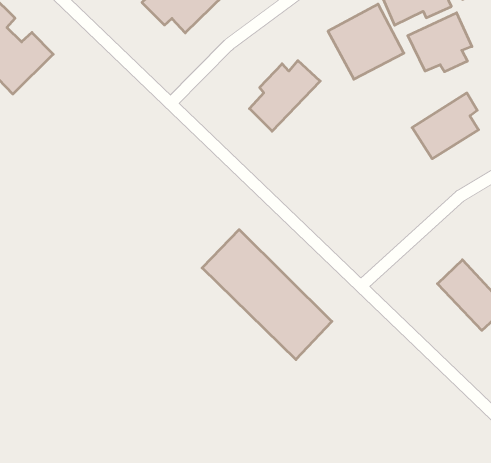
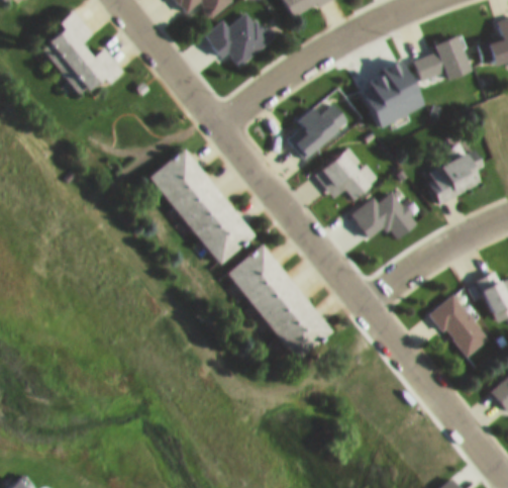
building: [408,13,472,72] -> none
building: none -> [313,147,377,200]
building: none -> [149,148,253,265]
building: none -> [349,191,417,239]

